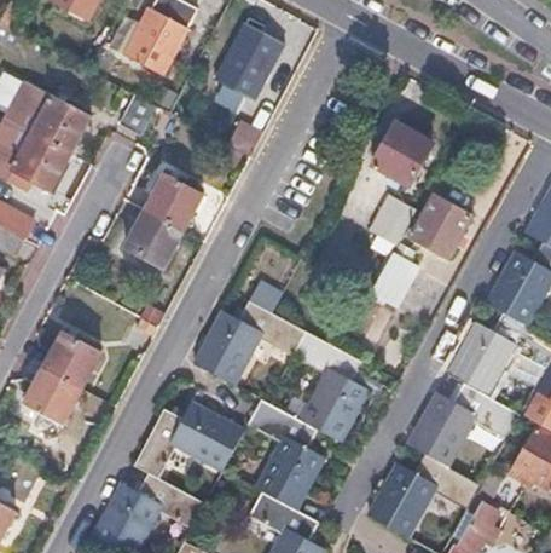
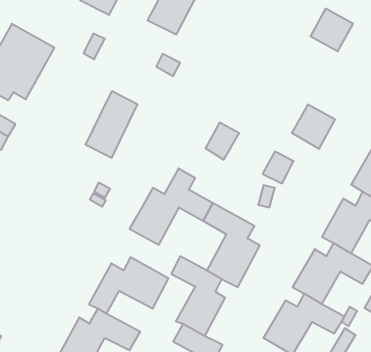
building: [376,121,434,179] -> [310,9,353,51]
building: [371,192,417,243] -> [205,122,239,160]
building: [24,332,100,425] -> none

